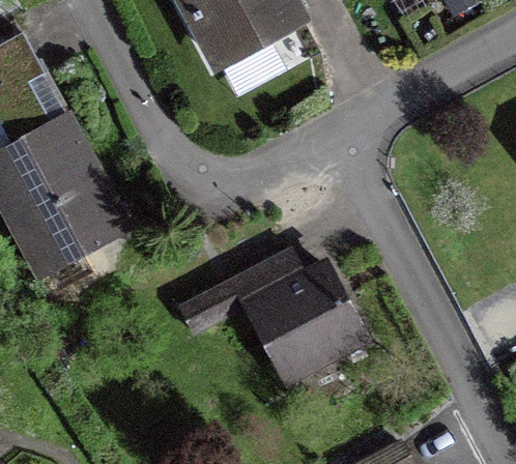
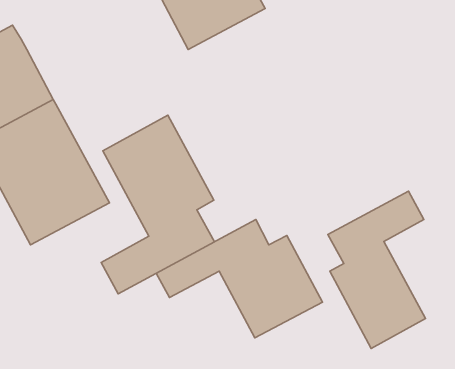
building: none -> [101,115,214,294]
building: none -> [328,191,425,348]

